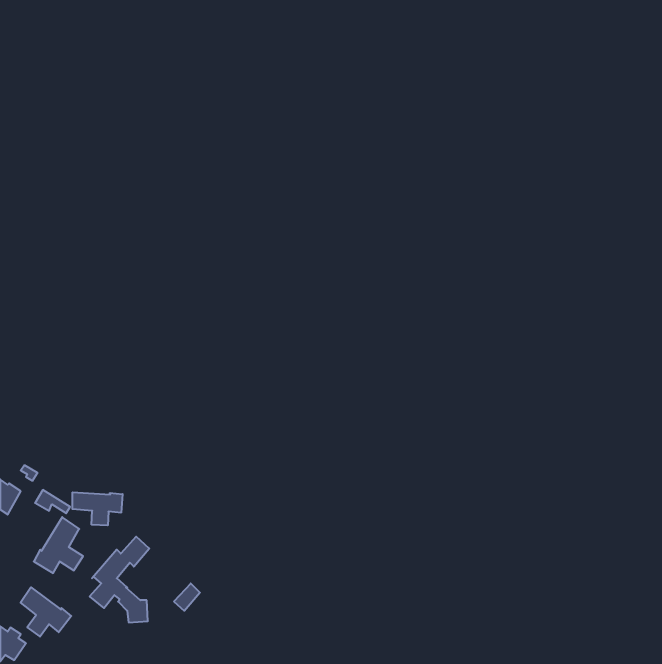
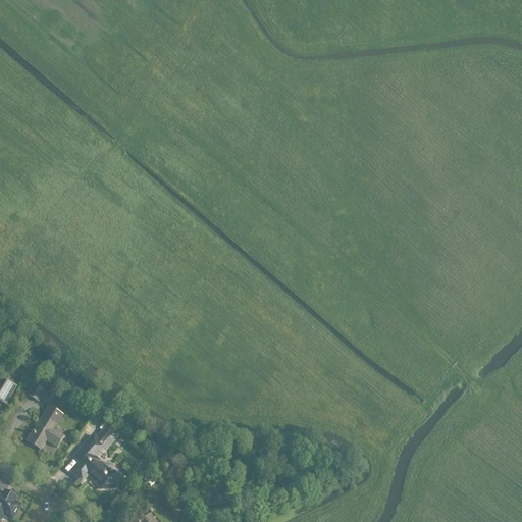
building: [72,492,123,525] -> none
building: [21,587,71,637] -> none

